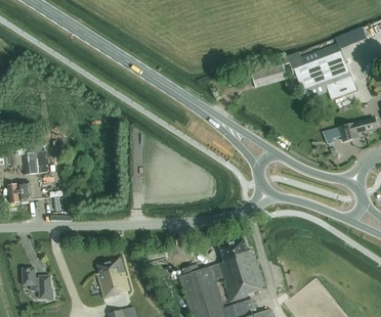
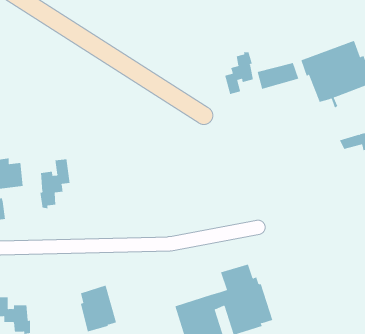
building: none -> [225,51,254,95]
building: none -> [40,158,70,209]

